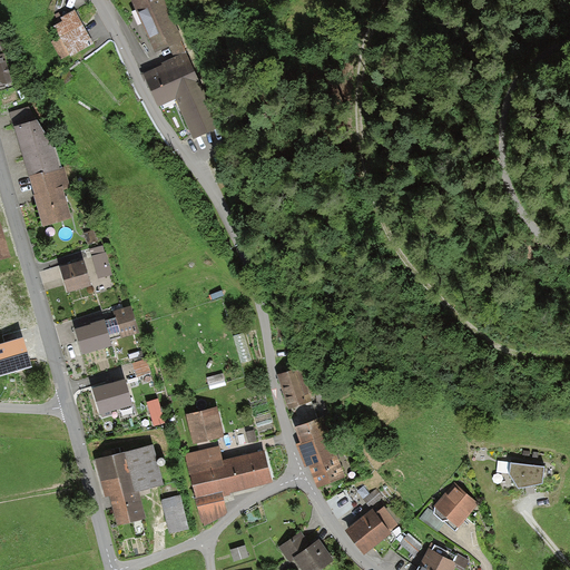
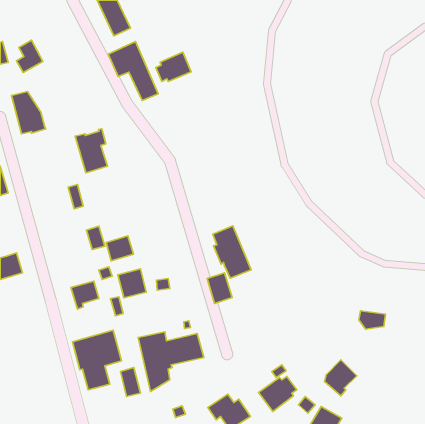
building: [51,14,87,58] -> [16,40,43,72]
building: none -> [156,52,191,81]
building: [29,170,72,229] -> [75,129,108,173]
building: [60,264,90,296] -> none
building: [76,317,112,351] -> [106,236,134,261]
building: [187,404,225,443] -> [118,269,146,298]
building: [295,415,346,485] -> [213,226,251,278]
building: [509,460,544,484] -> [359,311,386,329]

